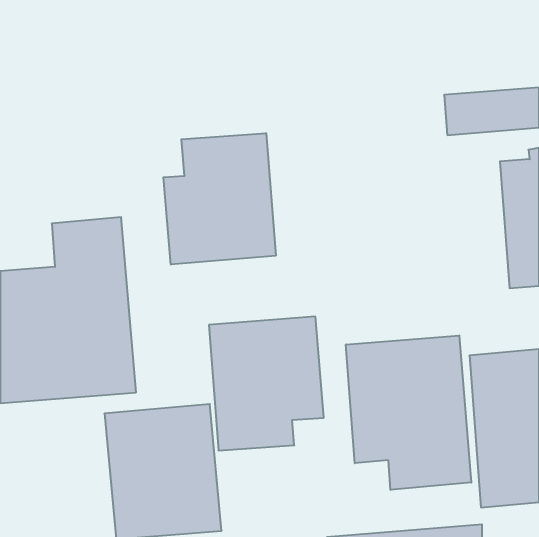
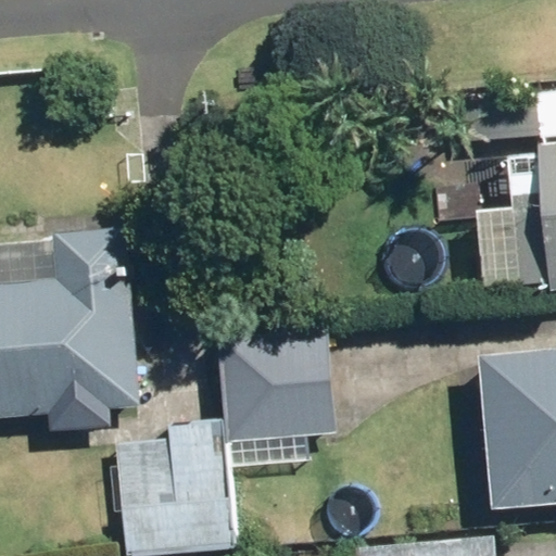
building: [163,133,276,265] -> none
building: [346,335,471,490] -> none

